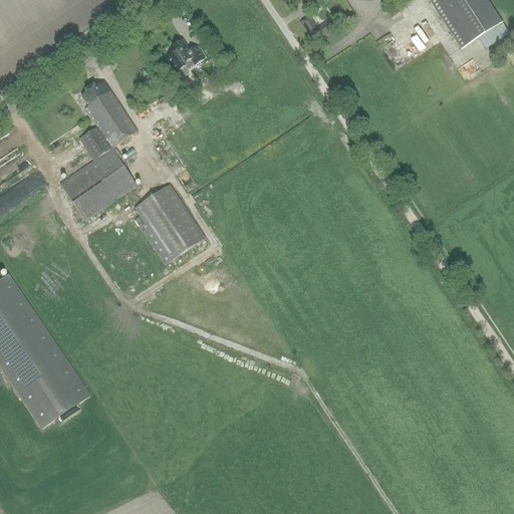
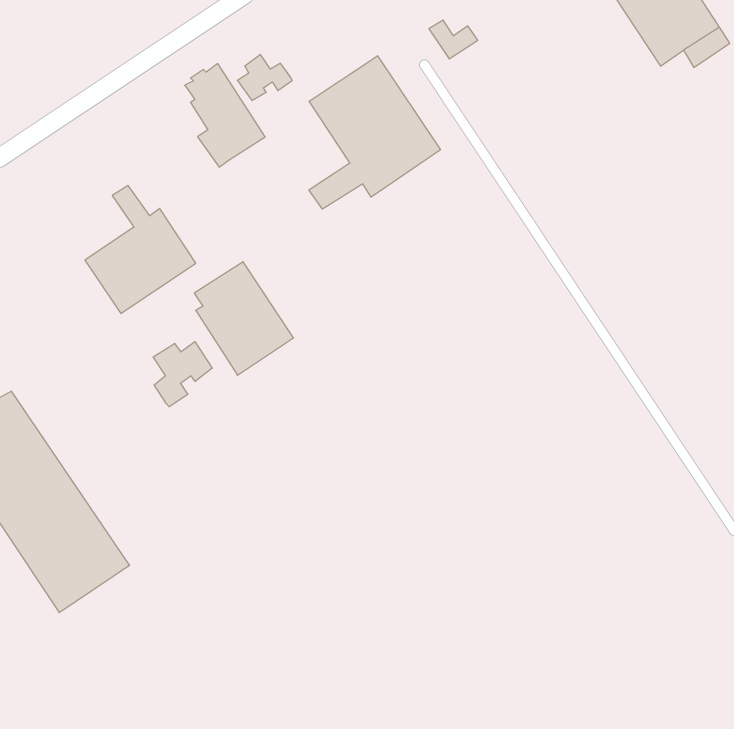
building: none -> [309,56,440,209]
building: [80,78,137,151] -> [185,64,265,167]
building: none -> [153,342,212,407]

